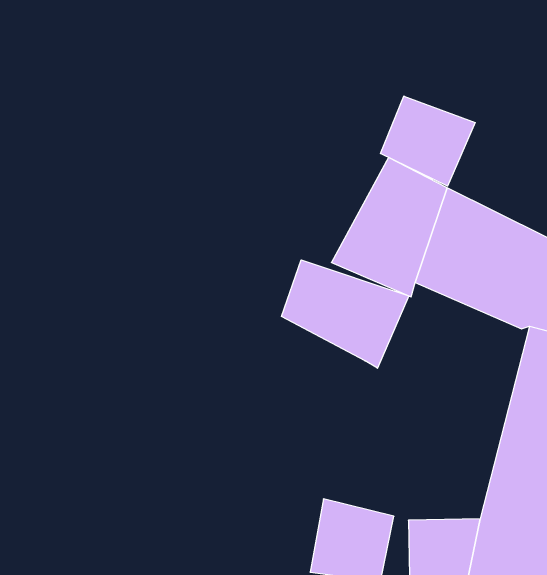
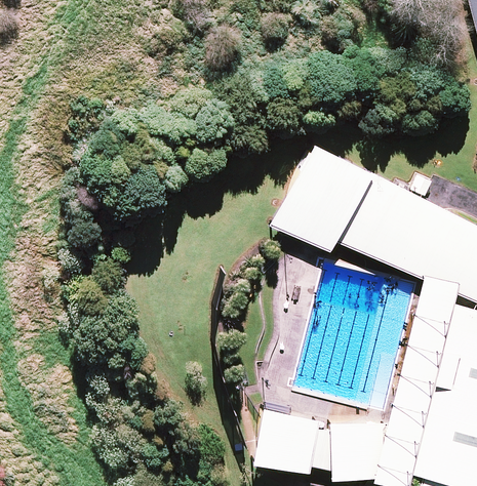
building: [381,96,475,186] -> none
building: [282,260,409,368] -> none

